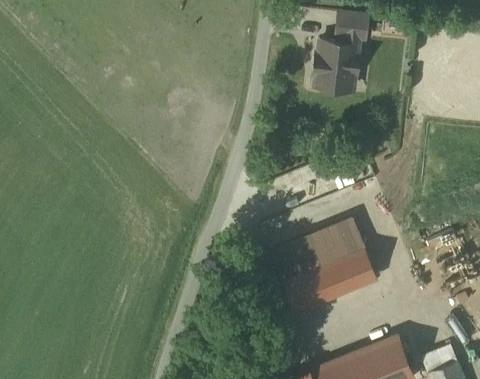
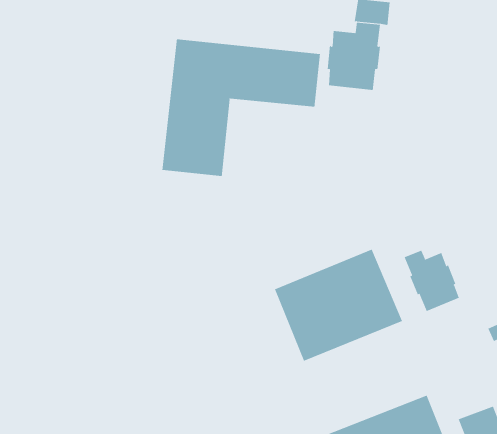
building: none -> [162,38,320,177]
building: none -> [404,250,459,312]

